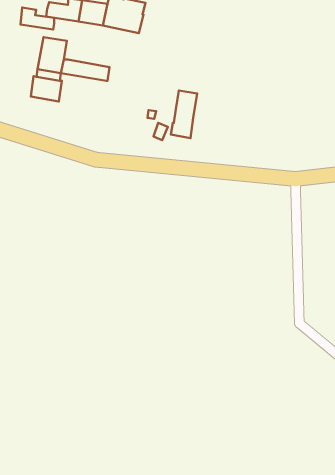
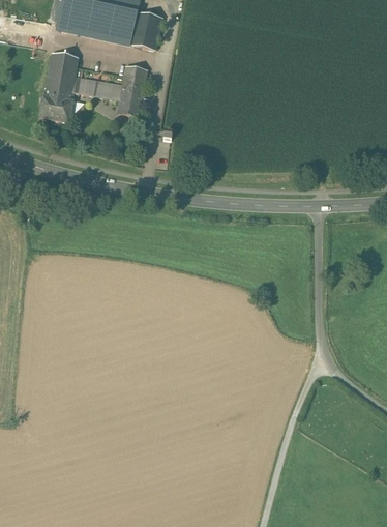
building: [20,8,54,29] -> none
building: [171,91,197,138] -> [118,65,146,116]

